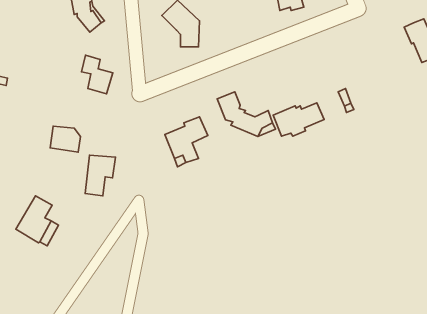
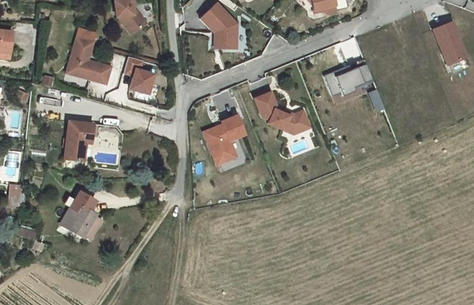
building: none -> [67,36,111,83]
building: [273,103,324,136] -> [324,63,373,95]
building: [85,155,115,196] -> [65,121,94,160]

